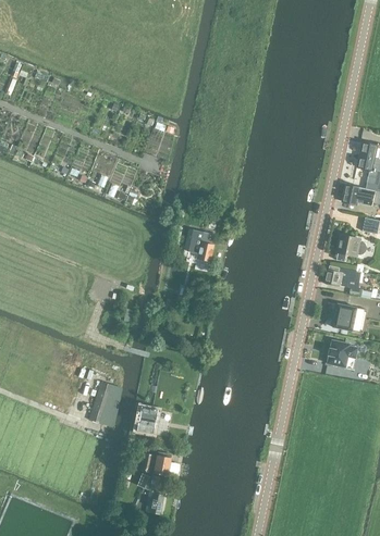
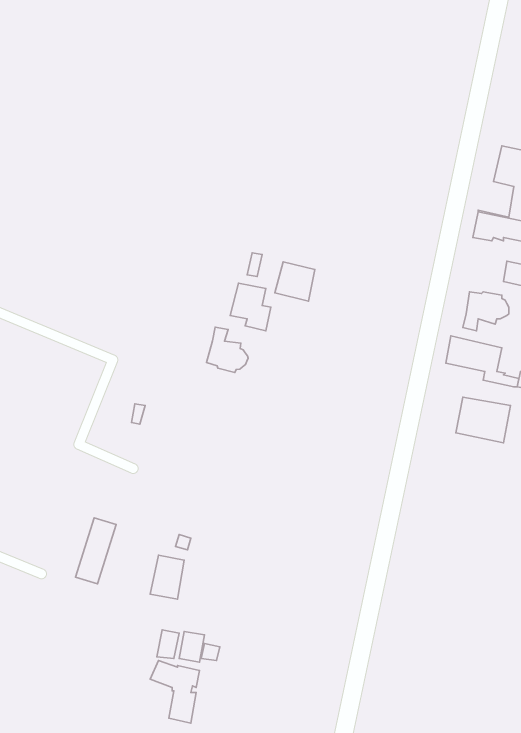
building: none -> [275,262,315,301]
building: none -> [206,327,248,373]
building: [326,339,356,366] -> none

